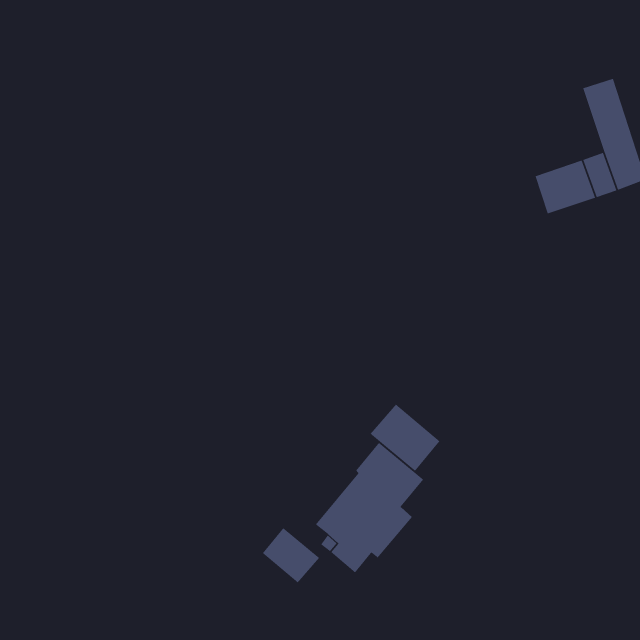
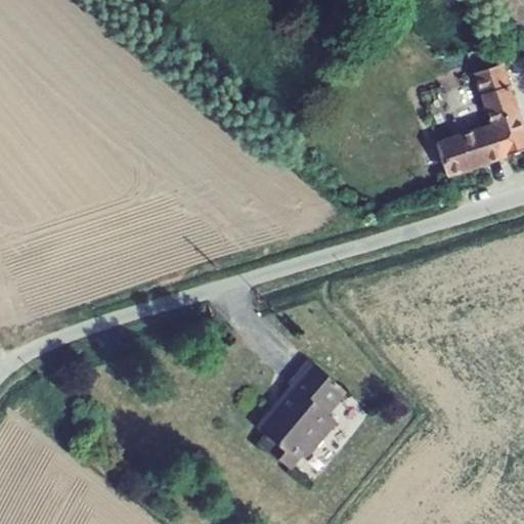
building: [369,403,440,472] -> none
building: [262,527,320,584] -> none

